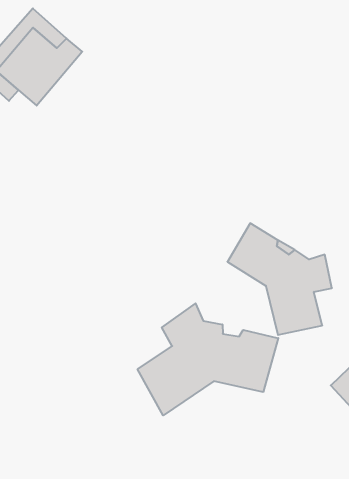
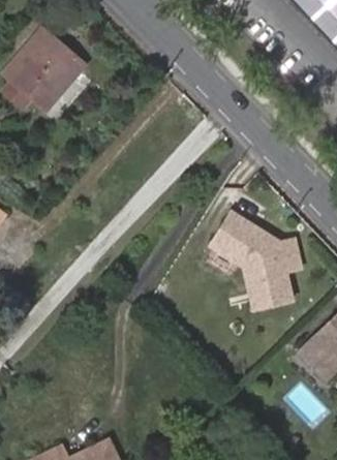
building: [138,303,278,415] -> none

